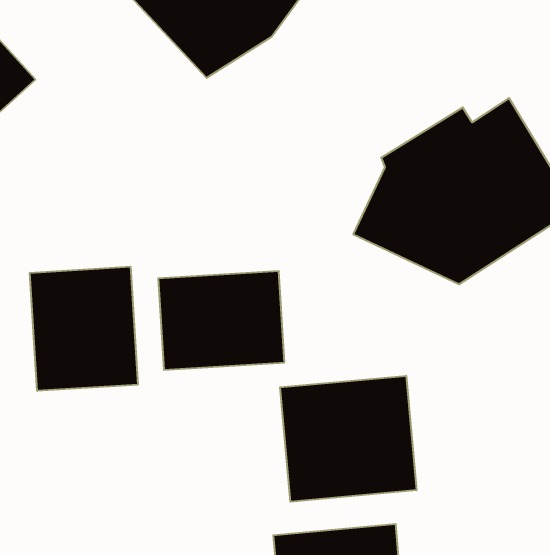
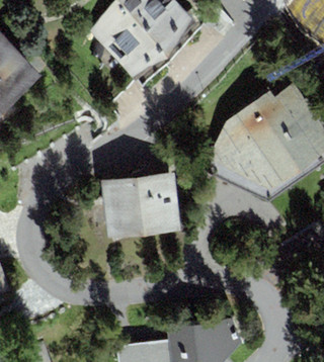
building: [30,267,138,391] -> none
building: [280,376,416,502] -> none

